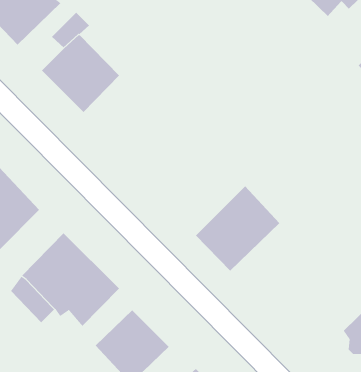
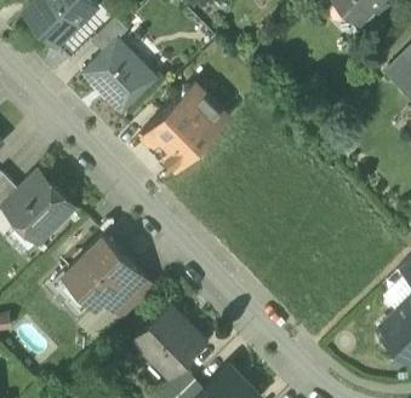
building: [195,186,280,272] -> [143,85,226,168]

